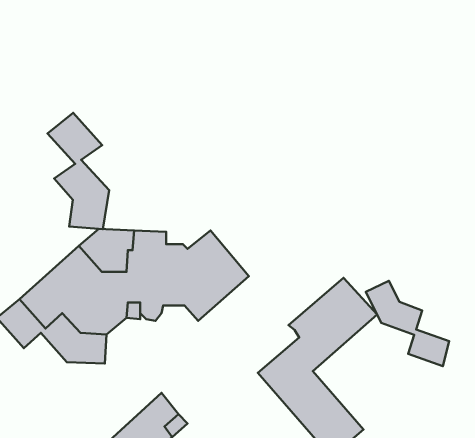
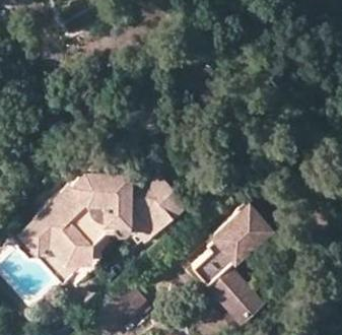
building: [47,113,109,229] -> none
building: [366,281,449,366] -> none

